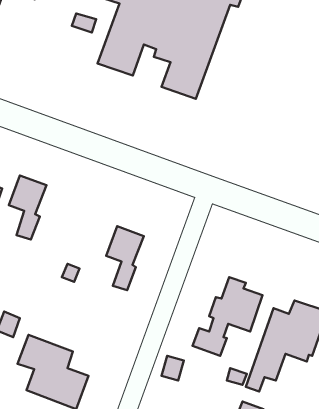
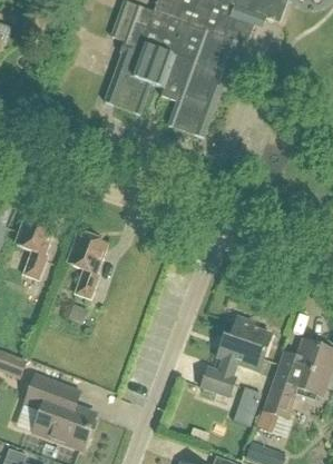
building: [106,226,144,290] -> [68,233,106,297]

